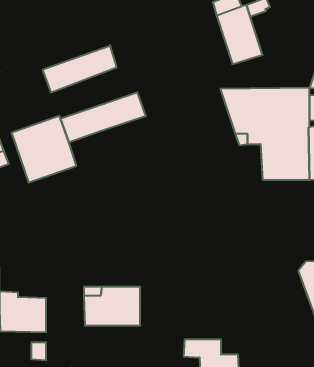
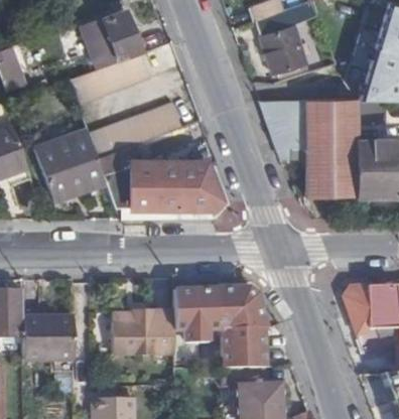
building: none -> [86,10,140,62]
building: none -> [98,145,220,206]
building: none -> [174,288,264,369]

